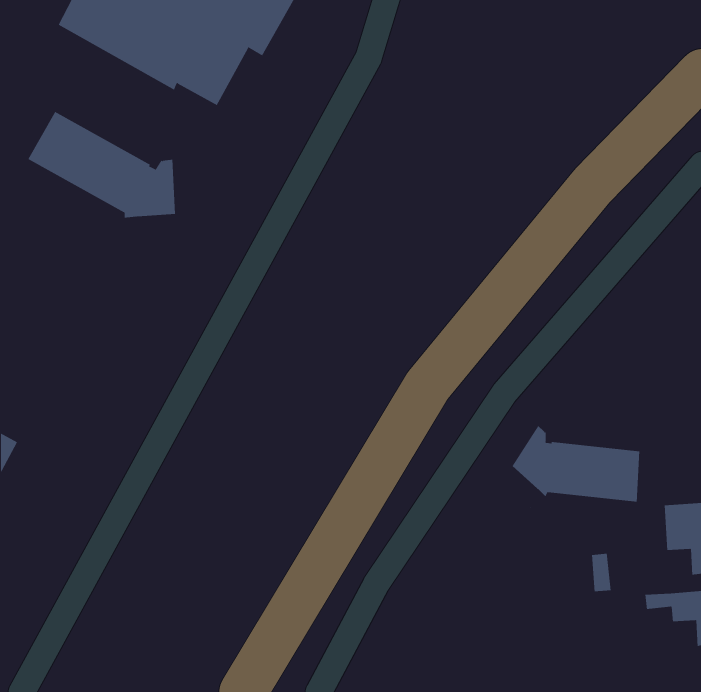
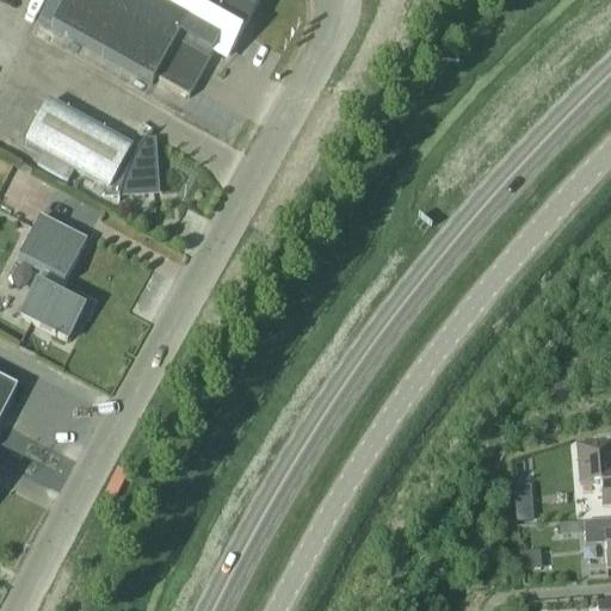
building: none -> [18,212,87,337]
building: [512,414,640,511] -> none

